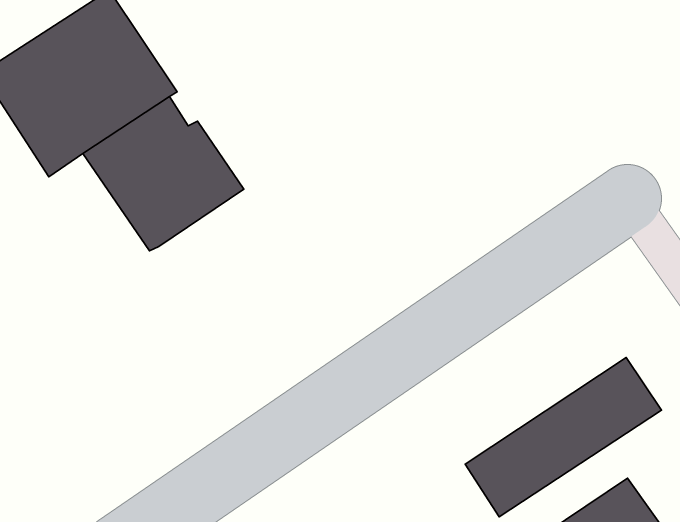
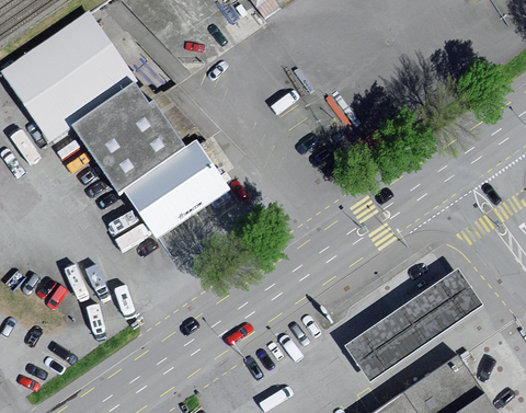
building: none -> [126,142,228,236]

